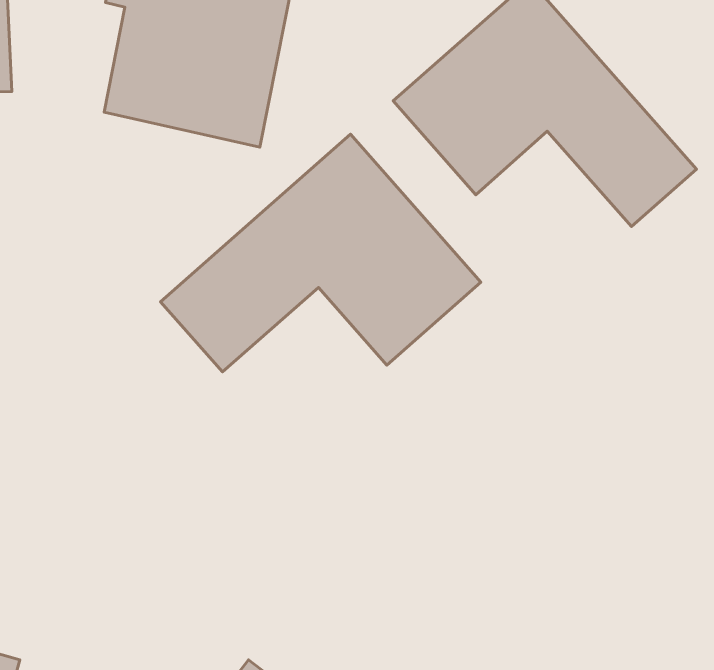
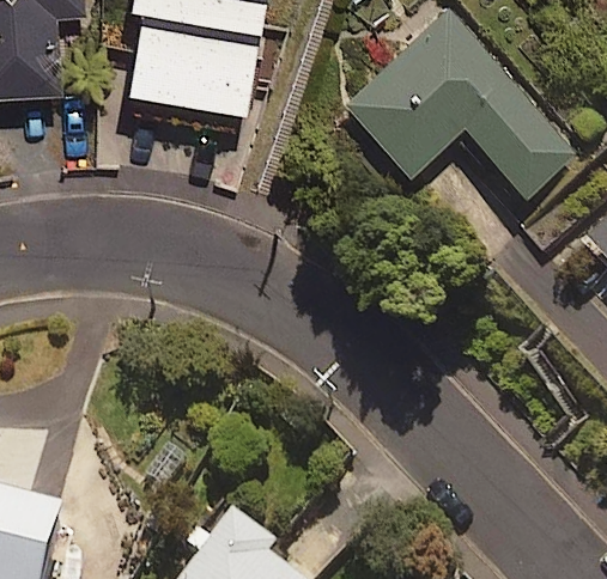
building: [160,134,481,372] -> none

